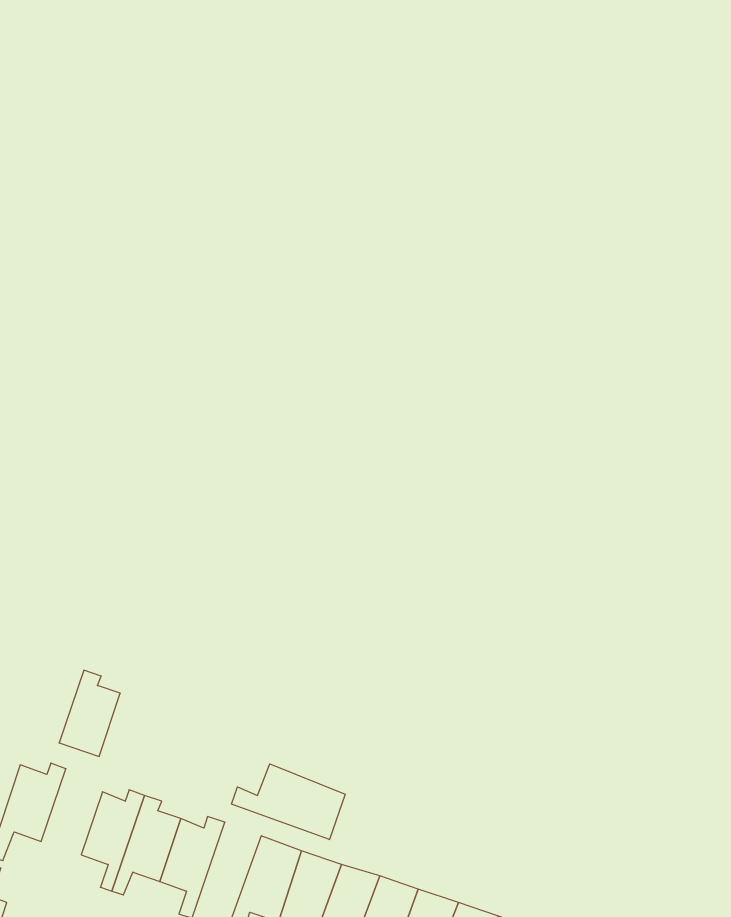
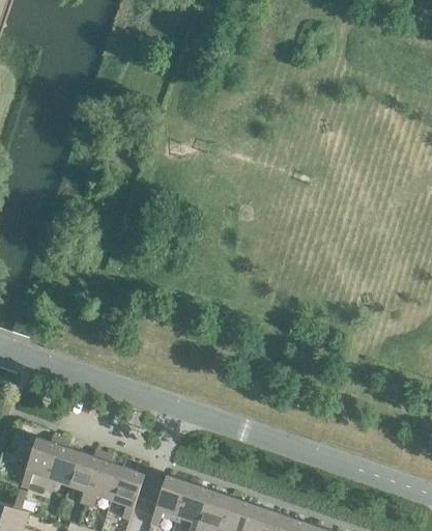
building: [59,670,120,756] -> [47,441,80,487]
building: [231,764,345,840] -> none

